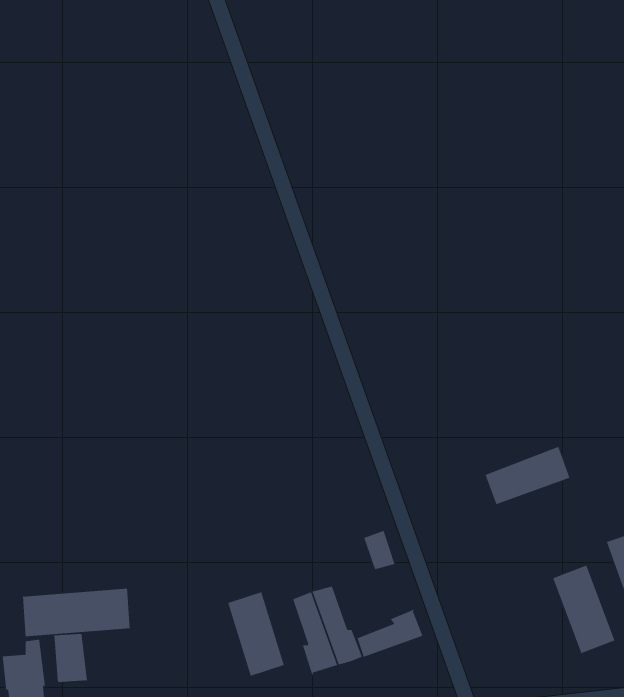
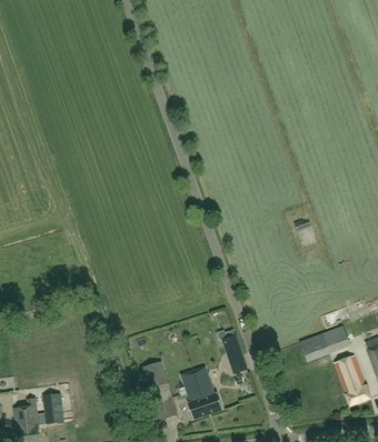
building: [484,446,570,505] -> [299,325,349,360]
building: [22,588,131,637] -> none
building: [357,609,424,658] -> none

